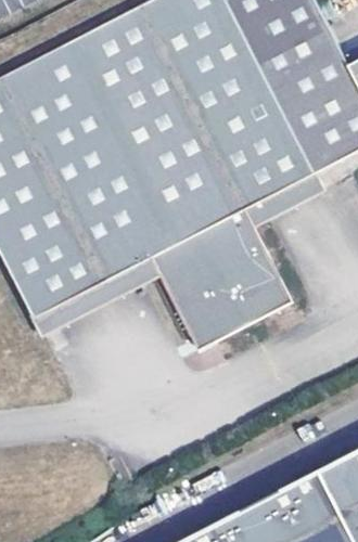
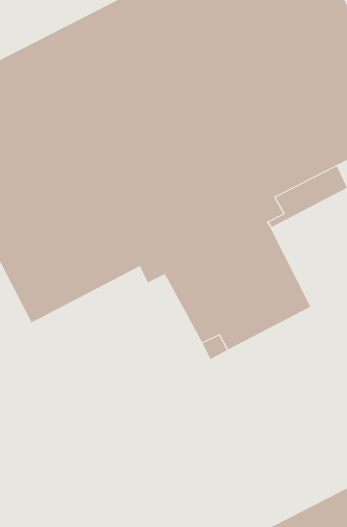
building: [30,264,159,338] -> none

